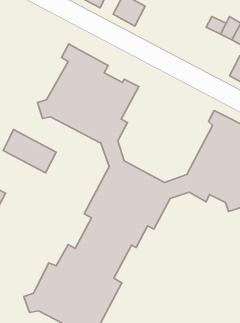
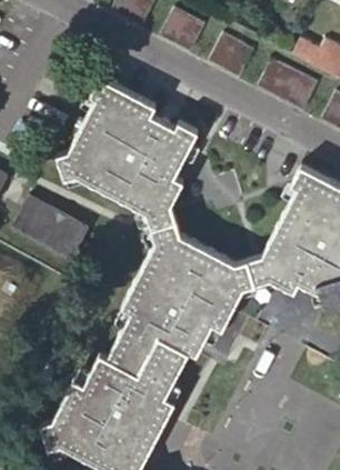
building: none -> [210,32,254,77]
building: none -> [258,58,319,110]

